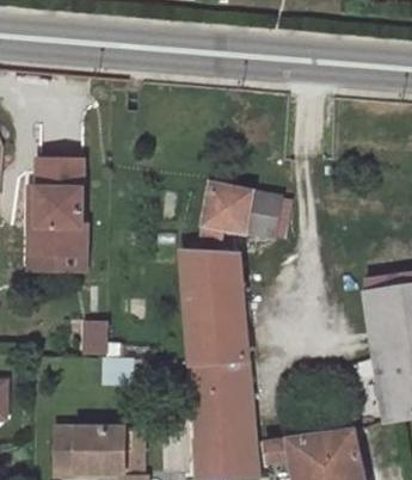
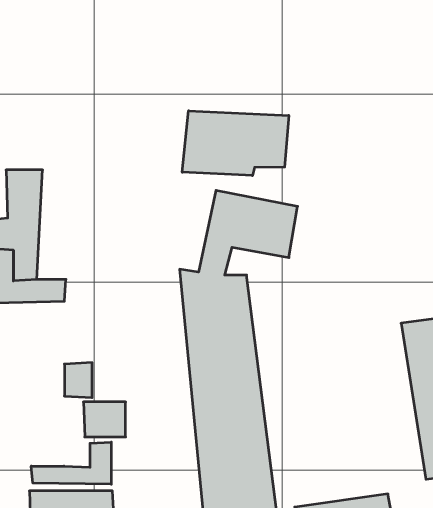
building: none -> [182,111,289,176]
building: [63,165,87,254] -> none
building: none -> [31,442,111,484]

